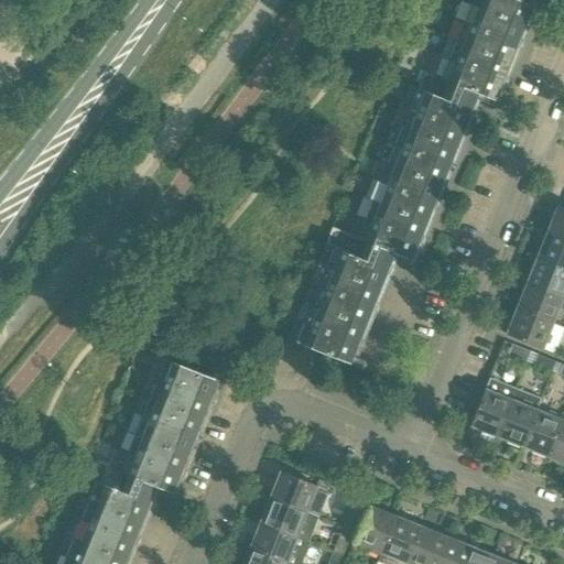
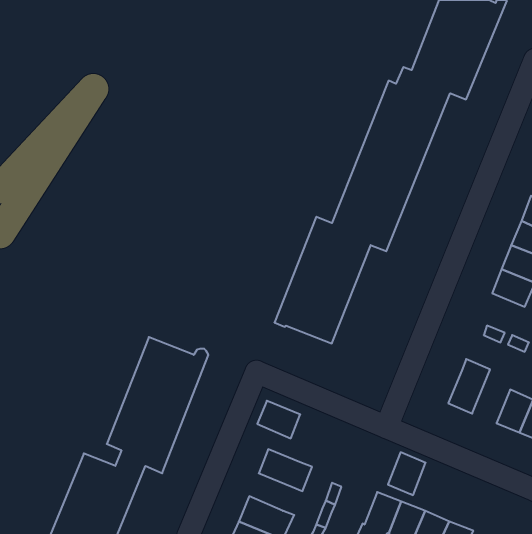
building: [511,310,555,350] -> none
building: [500,390,544,446] -> none
building: [265,499,311,539] -> [257,401,300,438]
building: [360,508,400,553] -> [388,452,426,495]

